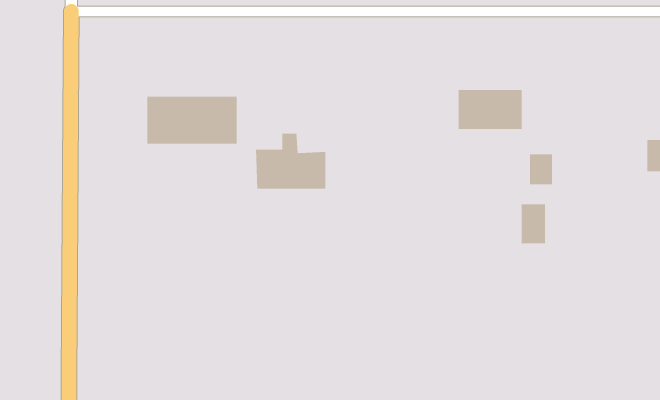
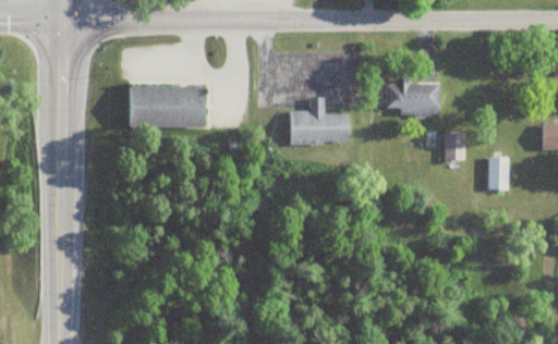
building: [255,133,326,189] -> [290,98,349,145]
building: [521,203,546,244] -> [489,157,510,191]

